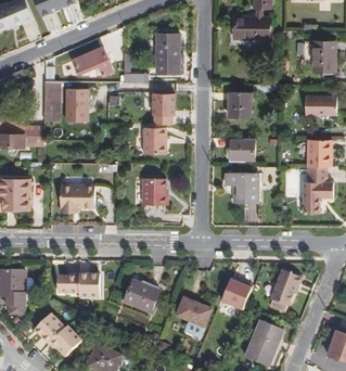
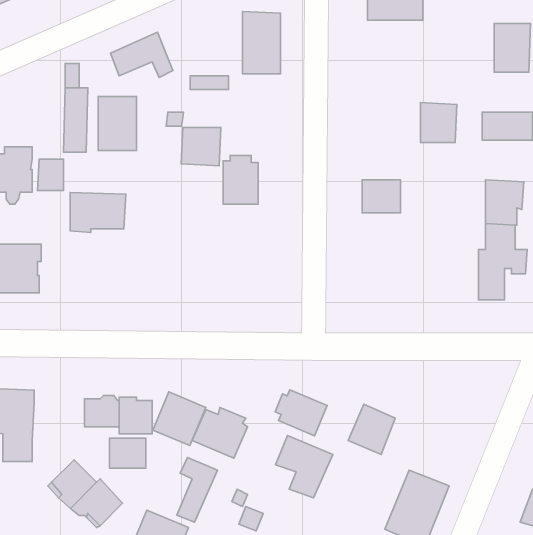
building: [151,92,176,116] -> [181,127,221,166]
building: [228,92,251,117] -> [420,103,457,143]
building: [226,172,257,203] -> none
building: [141,179,167,205] -> none
building: [60,184,94,209] -> [70,192,126,232]
building: none -> [275,390,327,436]
building: [270,270,303,311] -> none
building: none -> [153,392,206,446]
building: none -> [109,438,146,468]
building: none -> [177,458,217,522]

